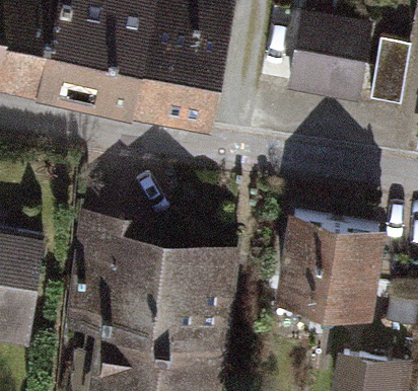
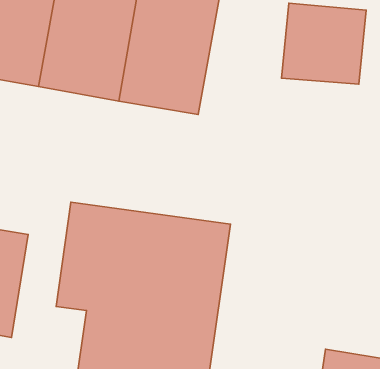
building: [273,213,378,321] -> none

